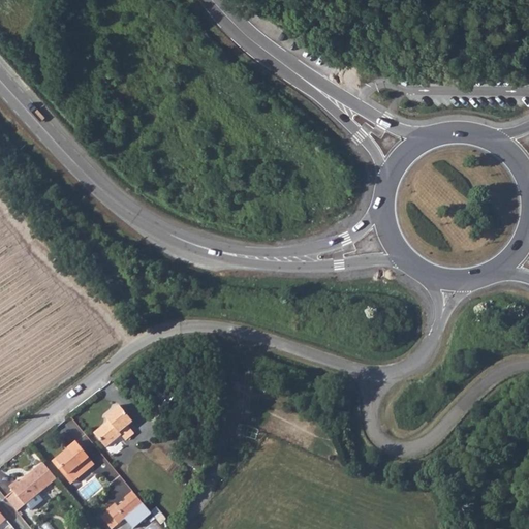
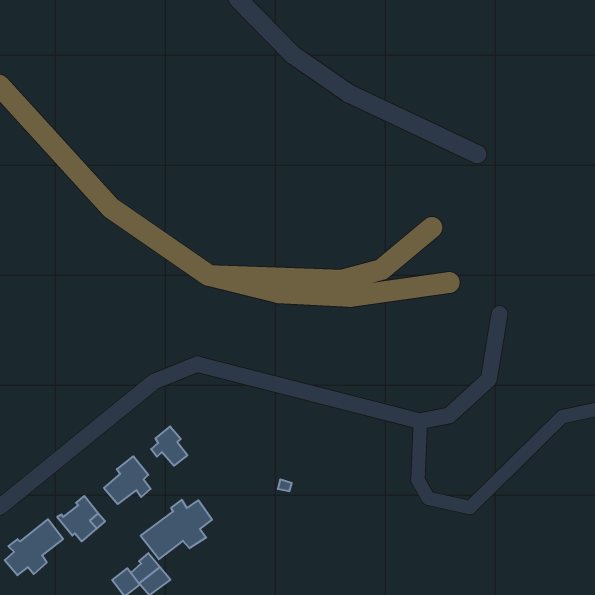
building: none -> [151,426,187,466]
building: none -> [141,500,212,559]

